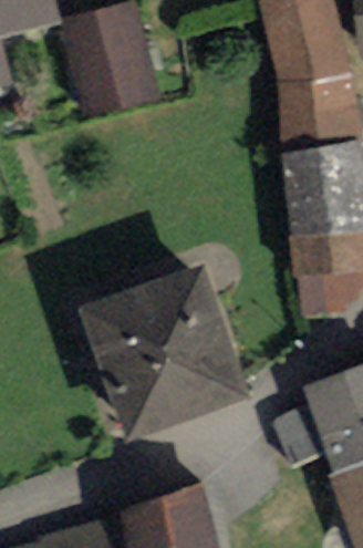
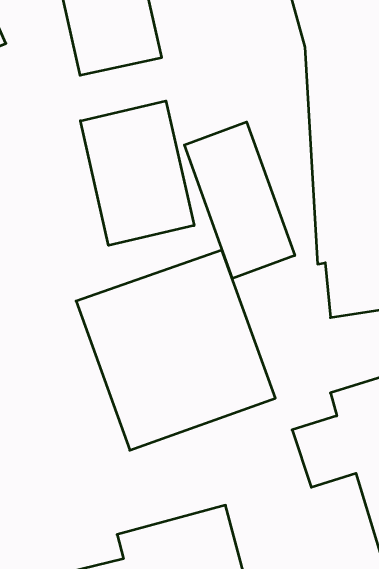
building: none -> [80,101,194,245]
building: none -> [184,122,295,278]

